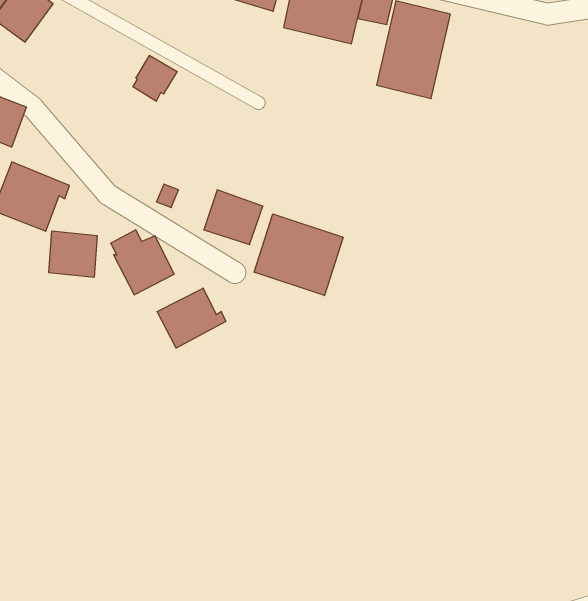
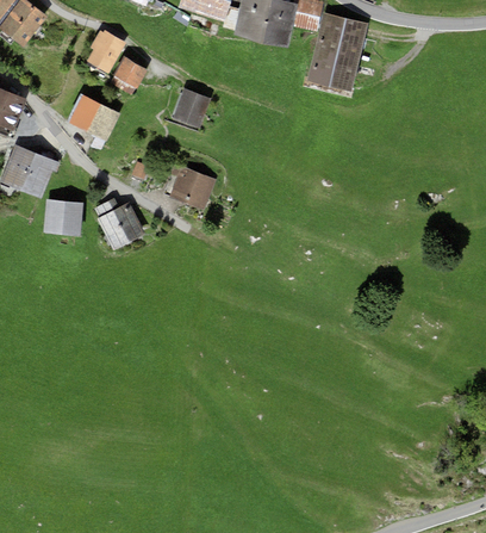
building: none -> [86,29,125,72]
building: none -> [172,87,210,126]
building: none -> [66,93,119,141]
building: [254,214,343,296] -> none
building: [157,288,226,348] -> none

